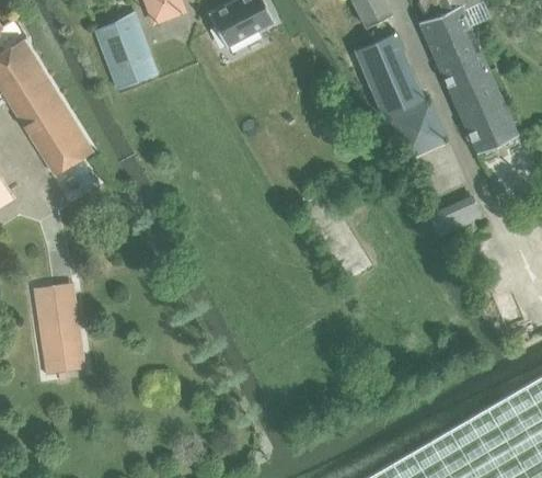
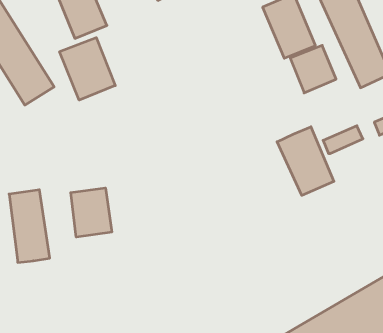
building: none -> [60,38,115,100]
building: none -> [277,127,334,195]
building: none -> [71,188,112,237]

